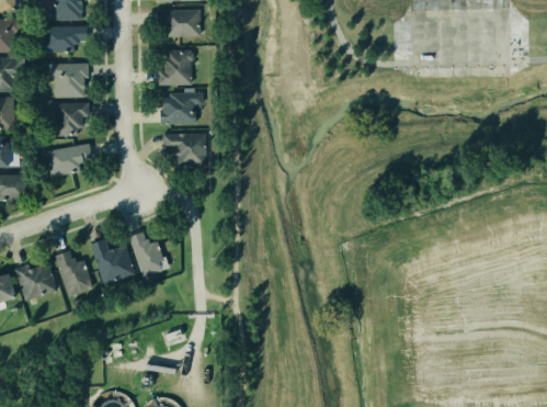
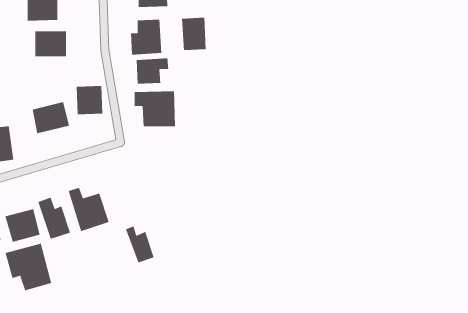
building: none -> [181,17,206,51]
building: [56,102,87,135] -> [76,86,103,115]
building: [133,230,166,273] -> [125,225,154,263]
building: none -> [5,243,52,291]

